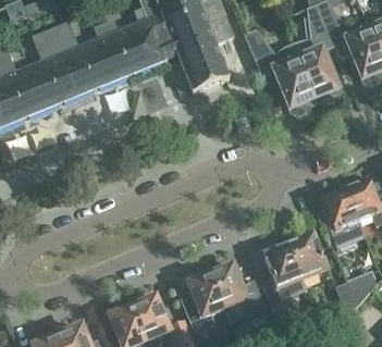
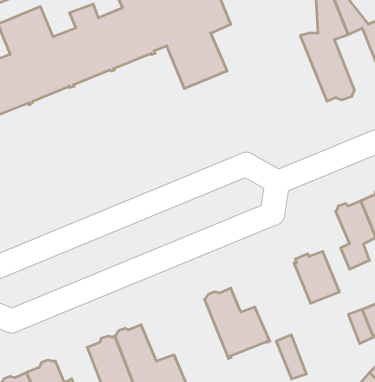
building: [244,28,316,113] -> none
building: [261,239,306,298] -> none
building: [180,271,224,332] -> none

